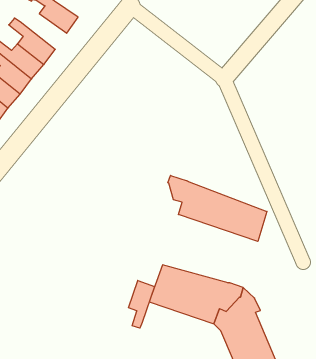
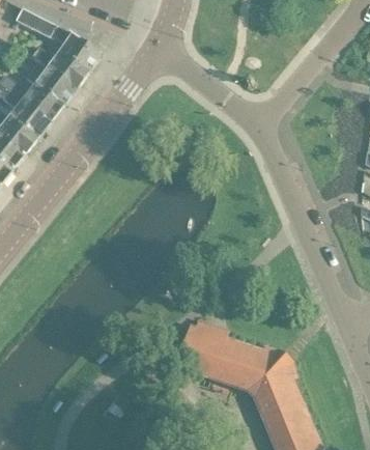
building: none -> [30,47,87,90]
building: [168,175,267,241] -> none
building: [128,280,154,328] -> none

